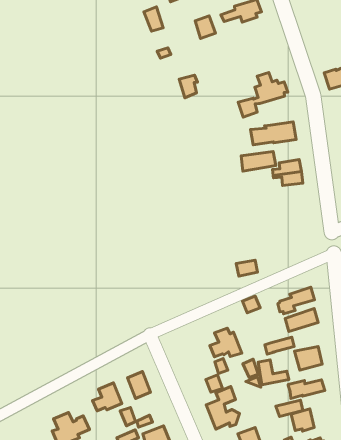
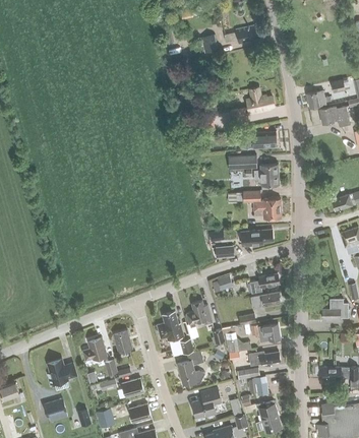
building: none -> [236,190,281,218]
building: none -> [241,229,273,245]
building: none -> [158,311,184,340]

